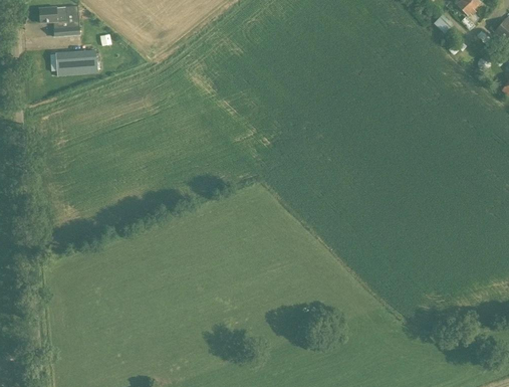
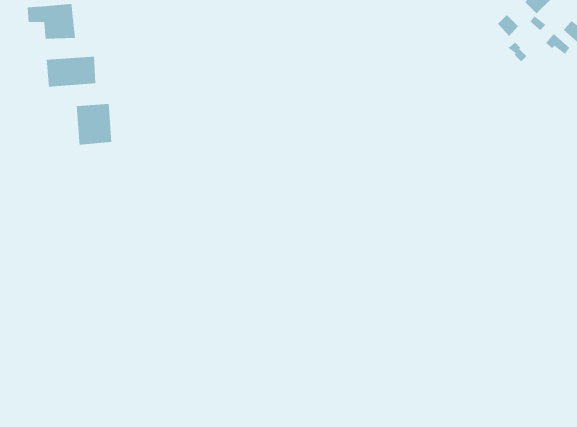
building: none -> [76,103,112,145]

